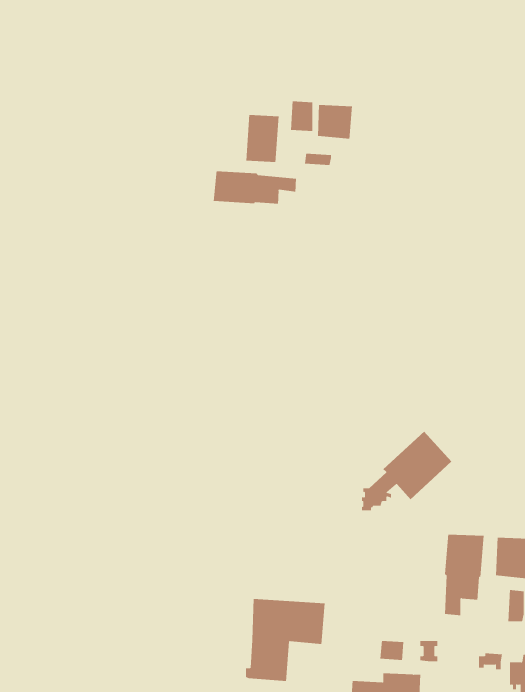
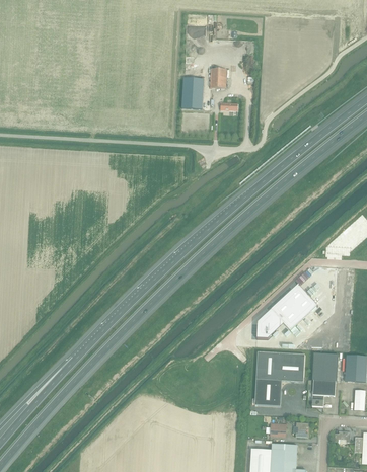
building: [317,104,352,140] -> none
building: [213,170,297,205] -> none
building: [245,598,325,682] -> [252,351,305,406]

